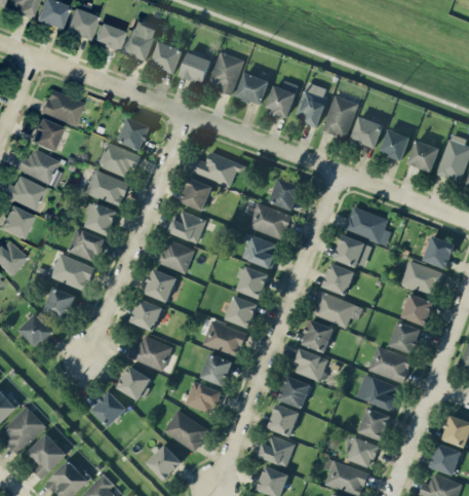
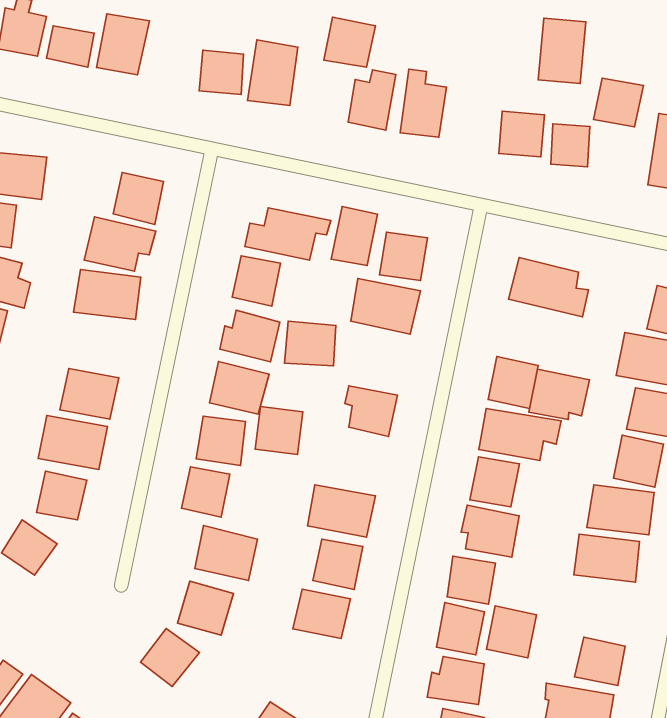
building: [151,42,182,73] -> none
building: [236,72,270,105] -> [324,17,375,67]
building: [323,96,357,138] -> [538,18,586,83]
building: [407,140,440,171] -> [593,78,643,127]
building: none -> [331,206,377,266]
building: [84,200,117,235] -> none
building: [334,234,373,267] -> [529,369,590,420]
building: [243,235,277,266] -> [285,321,336,366]
building: [226,296,258,328] -> [255,407,303,454]
building: [358,407,391,441] -> [486,606,536,658]
building: [164,410,208,451] -> none

